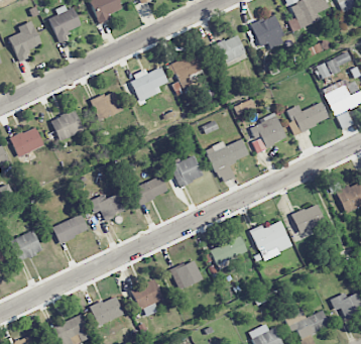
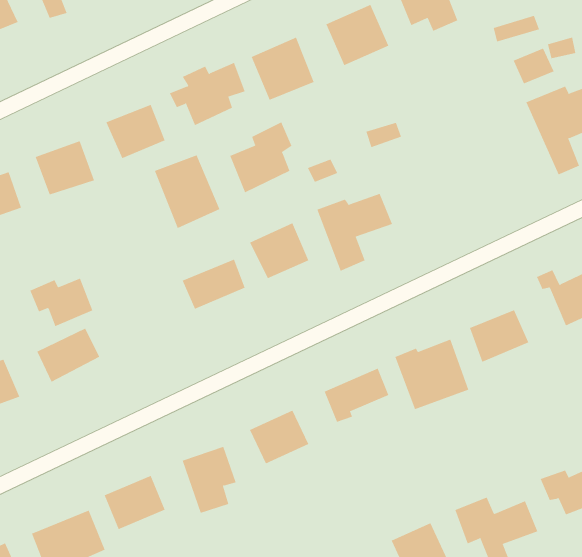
building: none -> [229,121,292,193]
building: [288,102,329,131] -> none
building: [249,115,286,152] -> none
building: none -> [154,154,220,229]
building: [90,193,125,220] -> [30,278,93,327]

